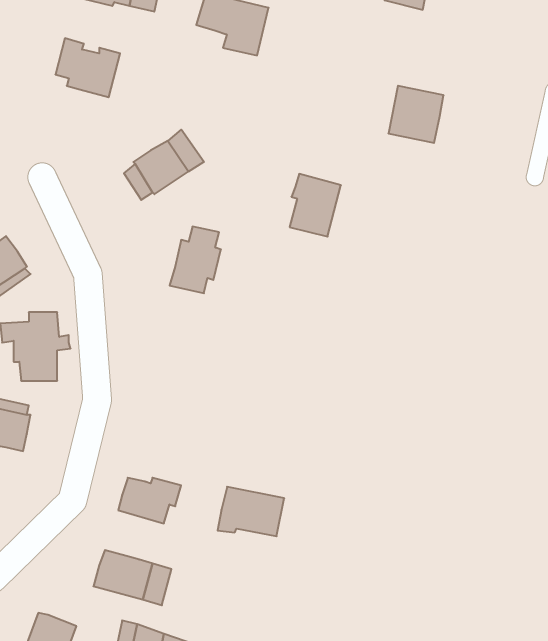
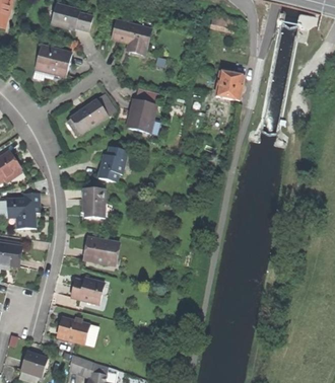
building: [290,174,341,237] -> [129,98,156,132]
building: none -> [83,187,107,216]
building: [218,487,284,536] -> [83,237,119,263]

